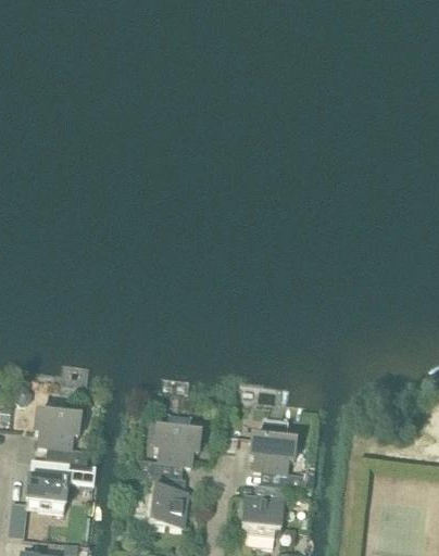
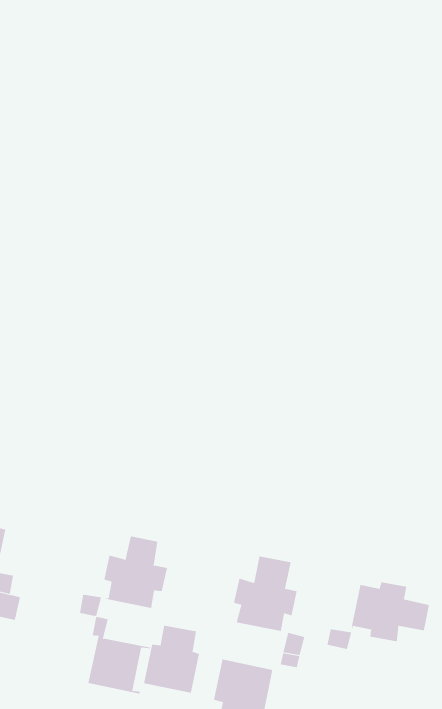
building: none -> [327,582,429,650]
building: none -> [143,625,200,694]

